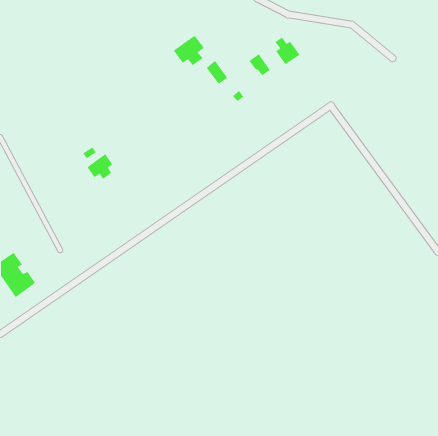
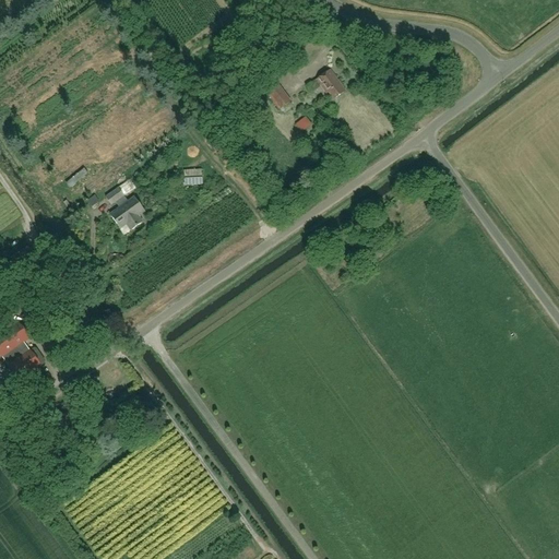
building: [173,35,205,66] -> none
building: [274,37,300,65] -> none

